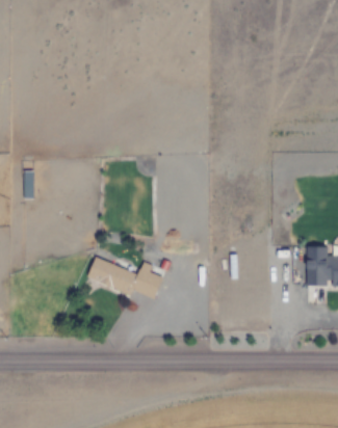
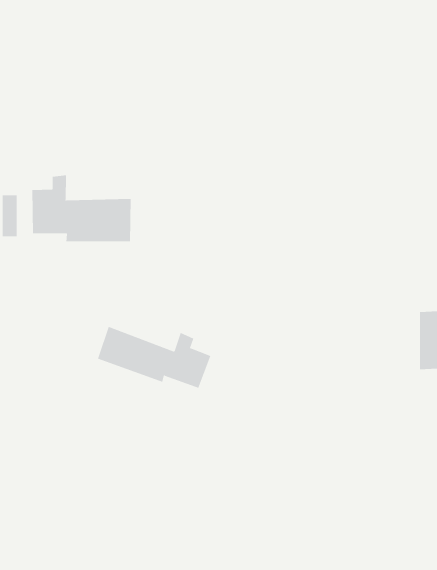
building: none -> [32,175,131,242]

